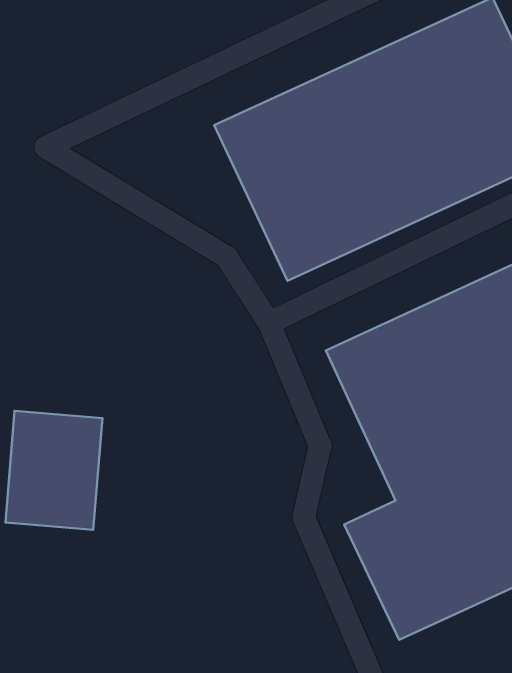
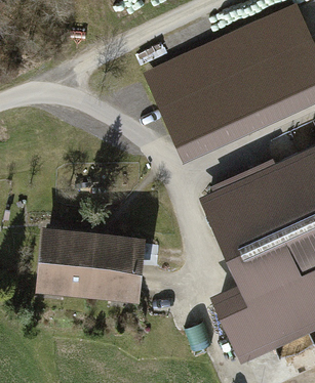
building: none -> [72,238,129,304]

